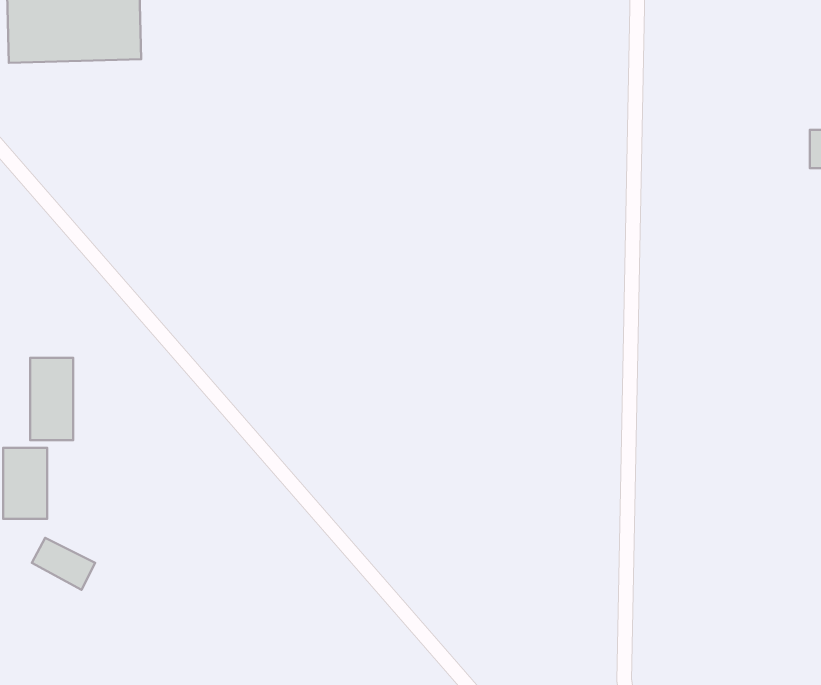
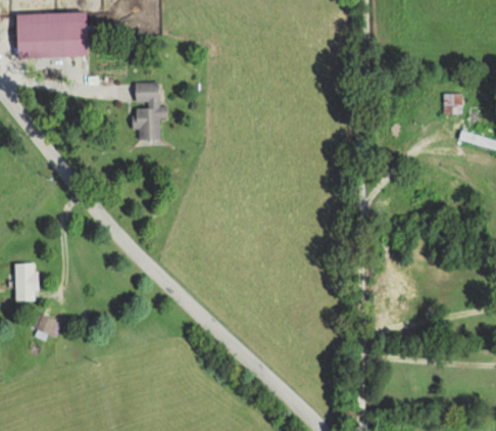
building: none -> [134,83,168,140]
building: [30,358,73,440] -> none

